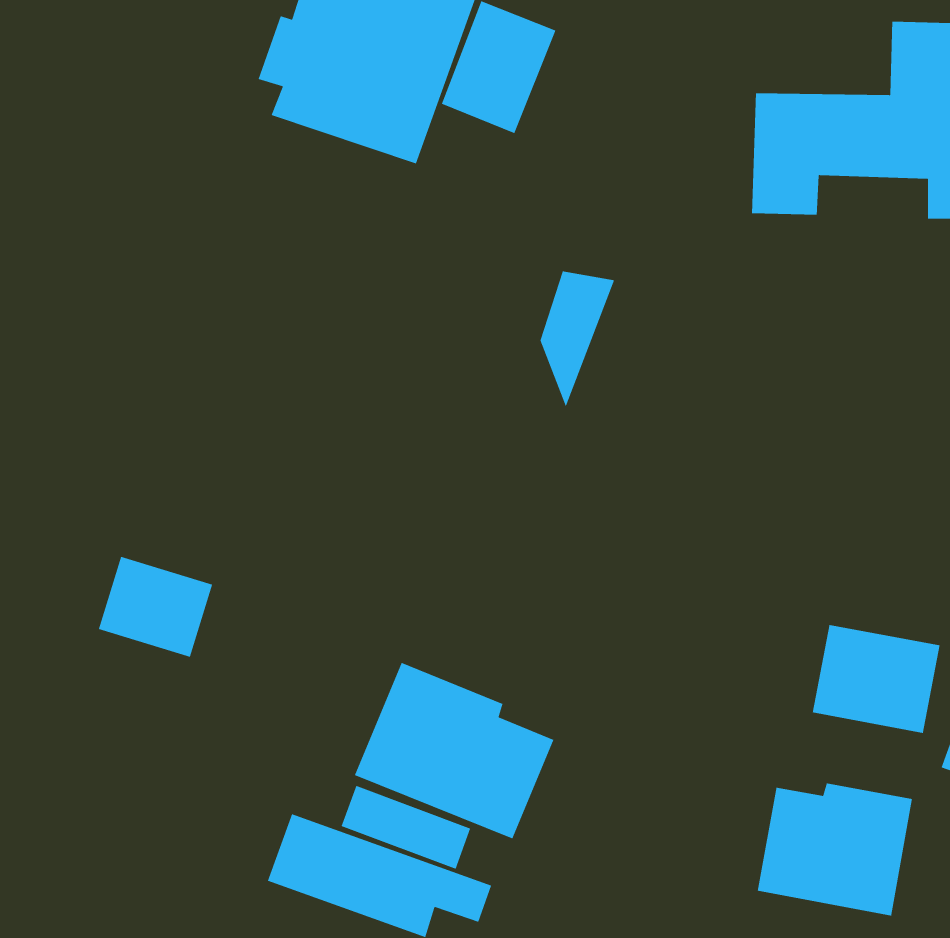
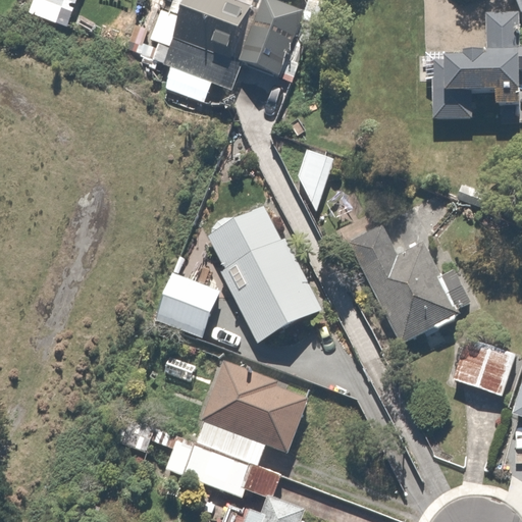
building: none -> [204,203,324,342]
building: none -> [349,218,468,346]
building: [98,556,213,658] -> [156,275,218,330]
building: [757,782,913,917] -> none

